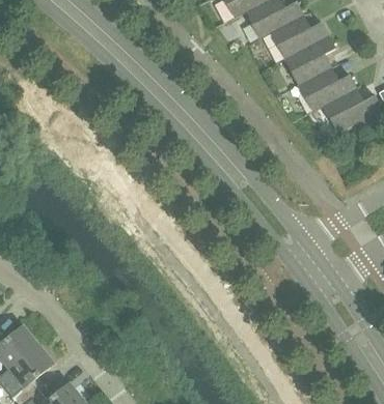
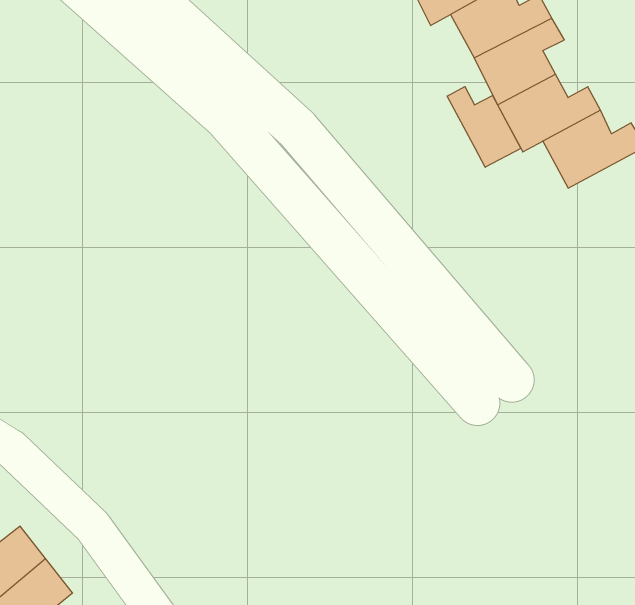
building: none -> [447,87,521,167]

